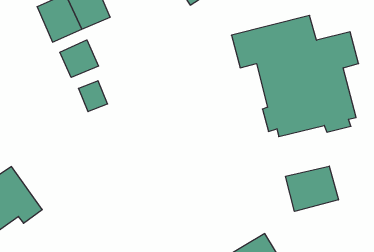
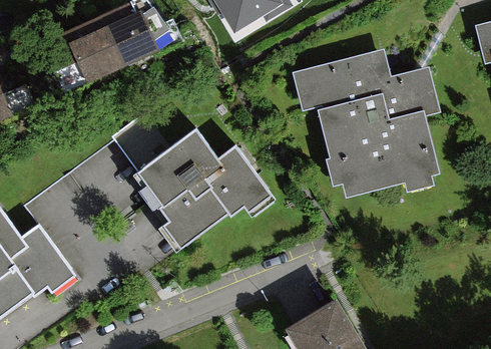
building: [60,40,98,77] -> none
building: none -> [138,128,271,247]
building: [286,166,338,211] -> none

